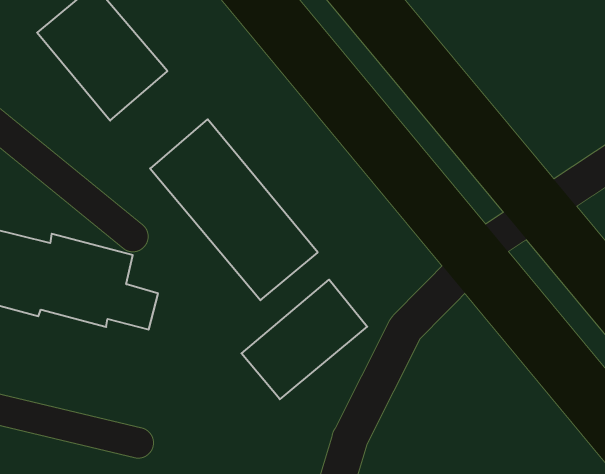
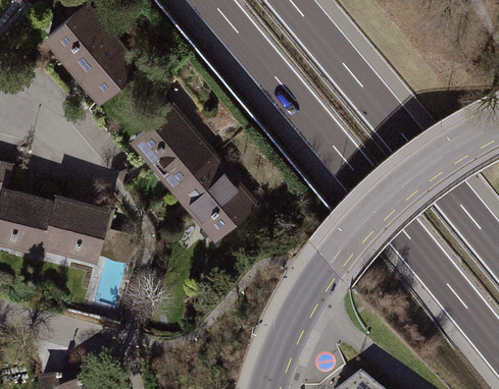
building: [241,280,367,399] -> none

